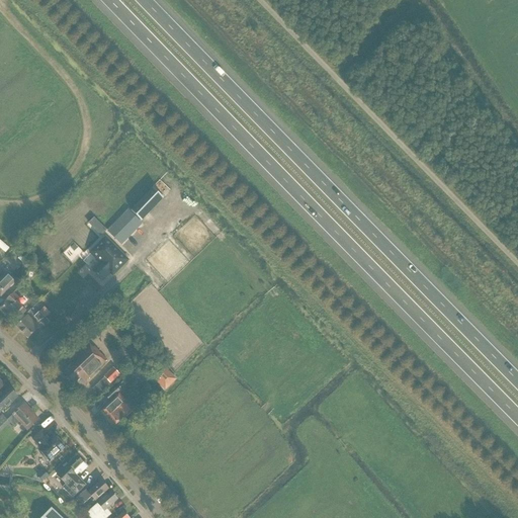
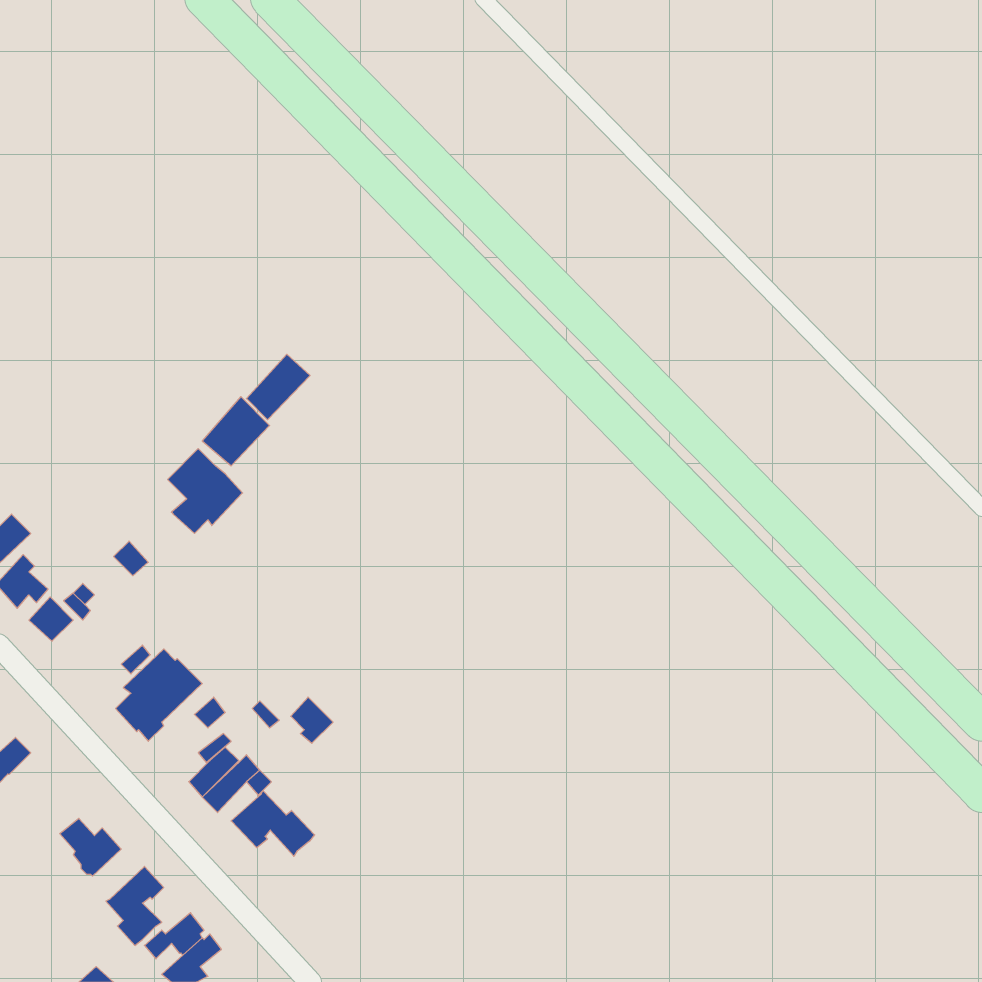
building: [6,404,37,430] -> none
building: none -> [231,791,315,856]

